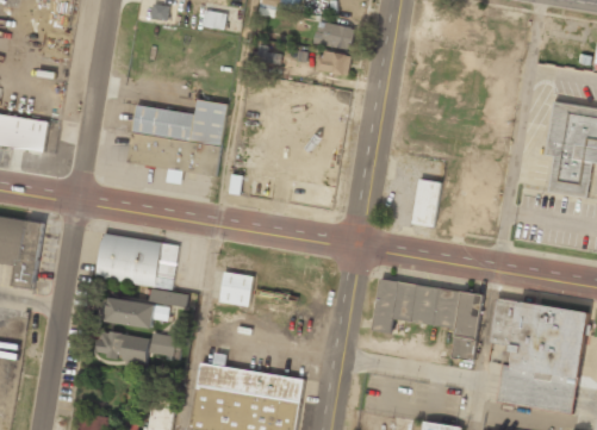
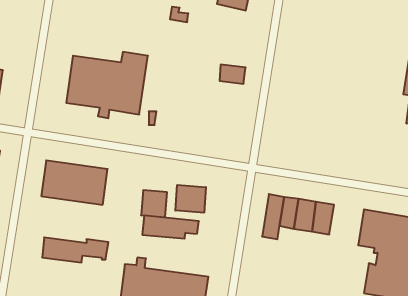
building: [317,50,349,74] -> [220,65,246,84]
building: [410,177,440,225] -> none
building: none -> [175,185,206,213]
building: [448,289,481,359] -> none
building: [99,297,169,325] -> [142,216,199,239]

